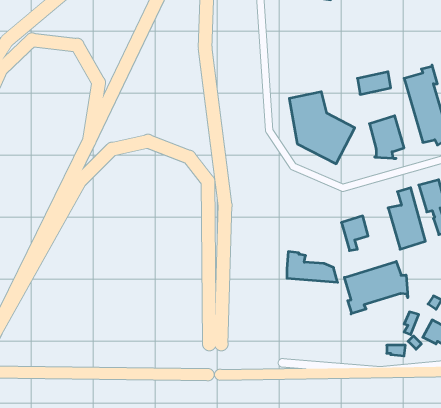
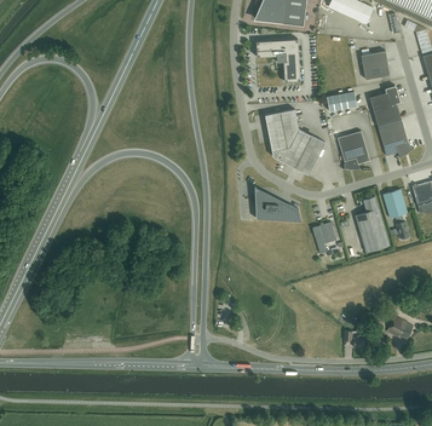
building: none -> [255,39,300,81]
building: none -> [361,51,390,79]
building: [287,252,338,282] -> [255,194,301,221]
building: [344,261,408,314] -> none

